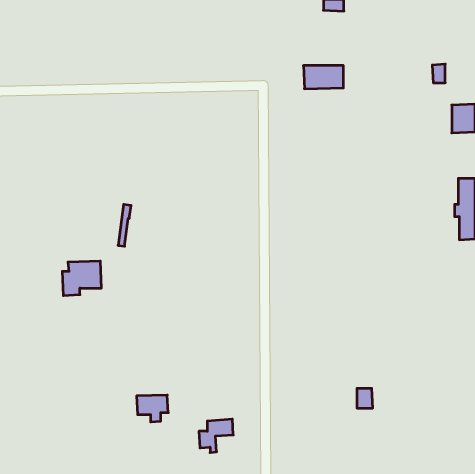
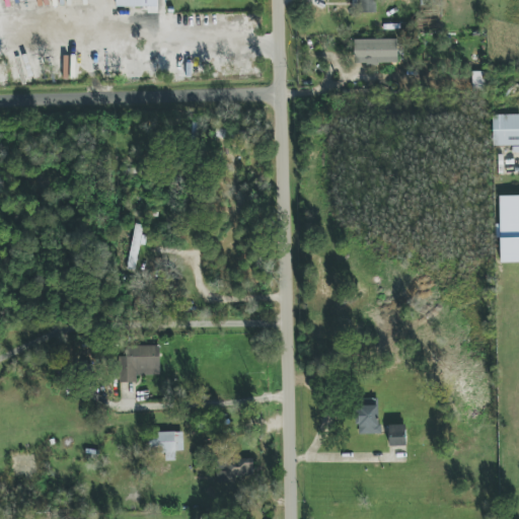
building: [303,66,343,89] -> [354,39,397,64]
building: [62,261,101,296] -> [118,345,160,382]
building: none -> [358,400,380,434]

